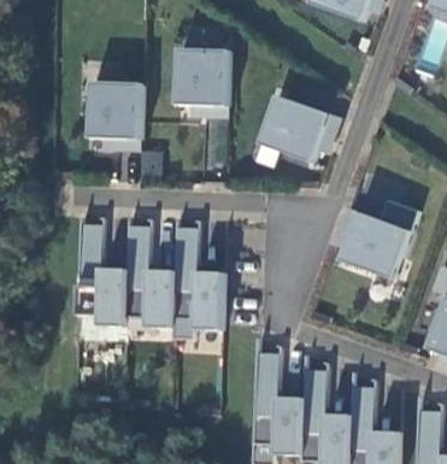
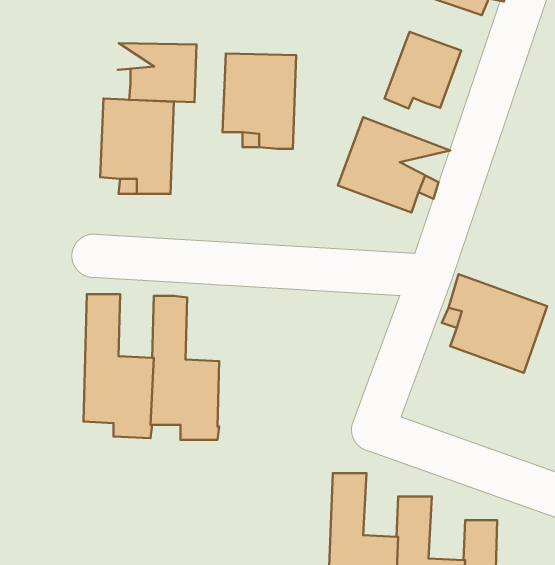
building: none -> [384,32,461,109]
building: none -> [118,43,197,102]
building: [173,224,223,329] -> none

